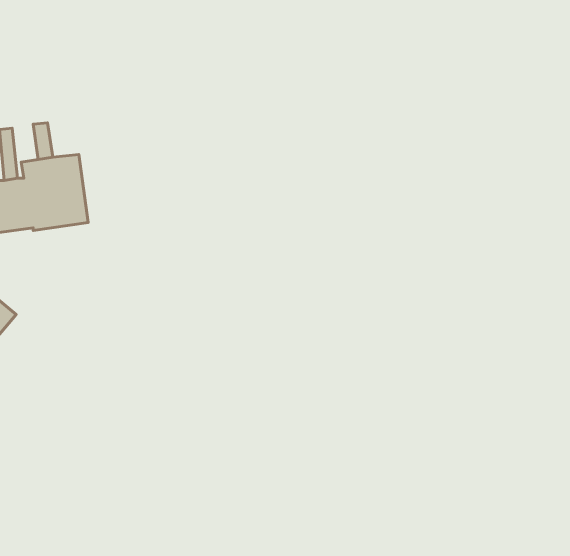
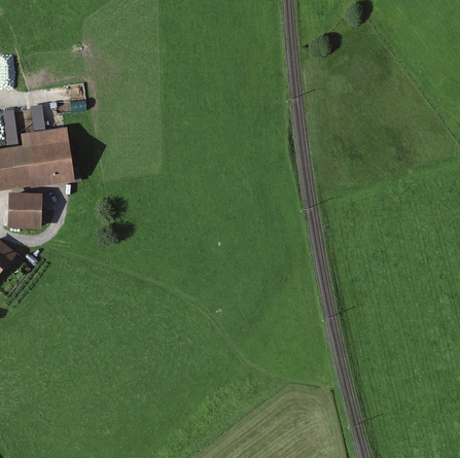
building: none -> [8,193,42,230]

